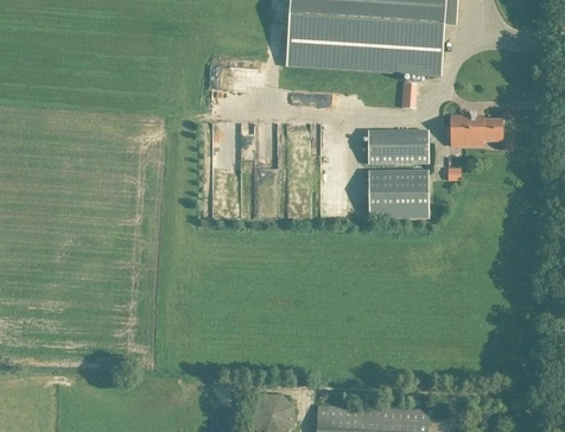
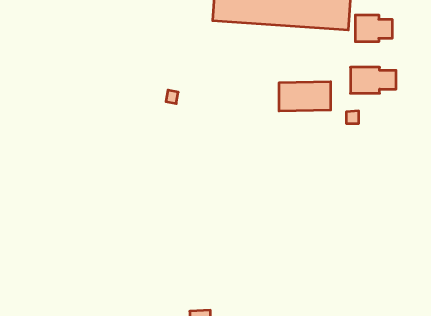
building: none -> [355,15,392,42]
building: [367,169,427,217] -> none

